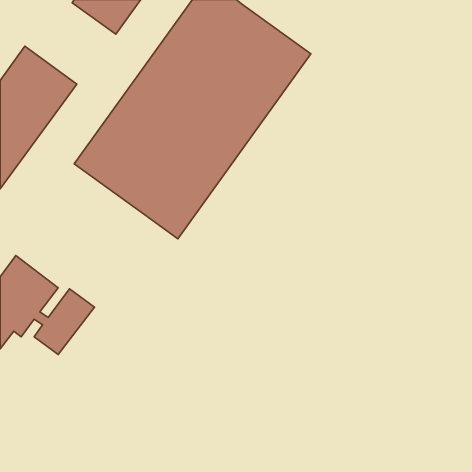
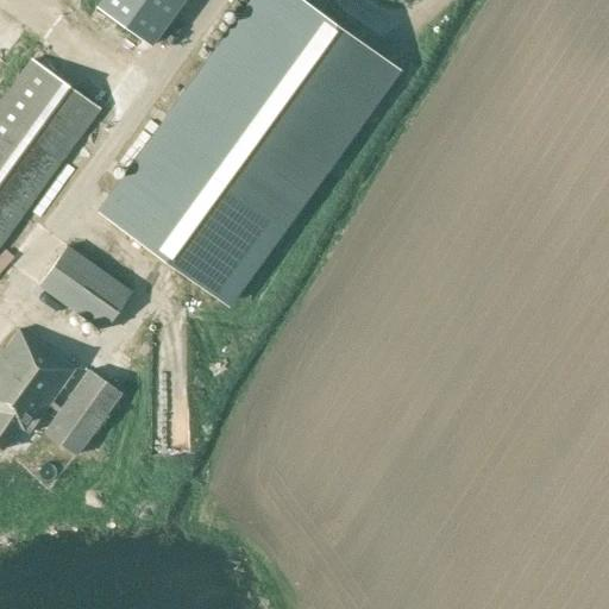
building: none -> [37,244,132,331]

